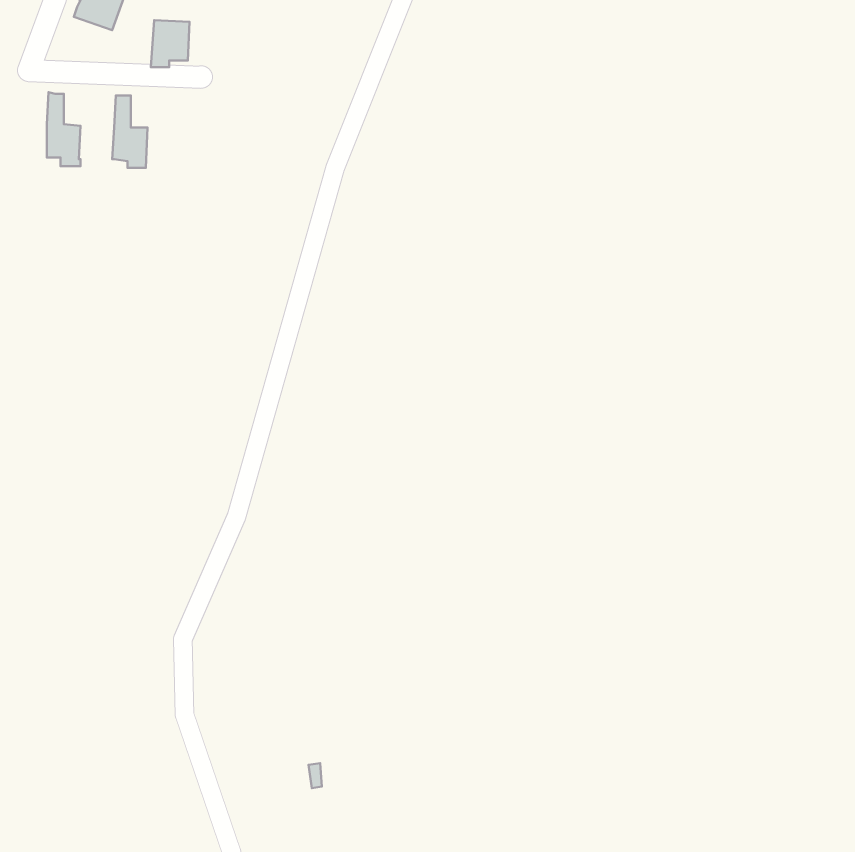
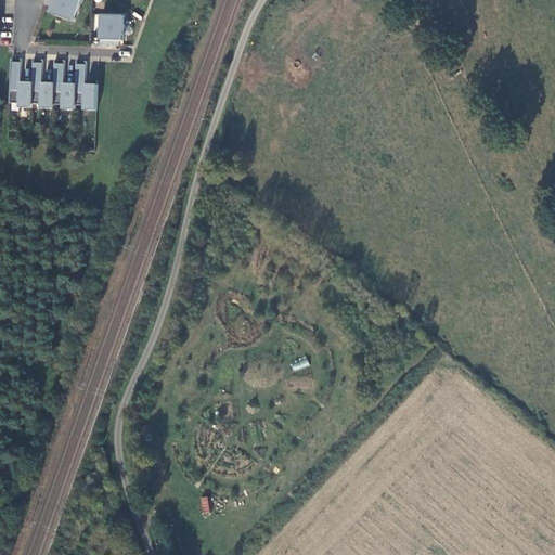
building: none -> [8,60,30,106]
building: none -> [51,61,74,108]

